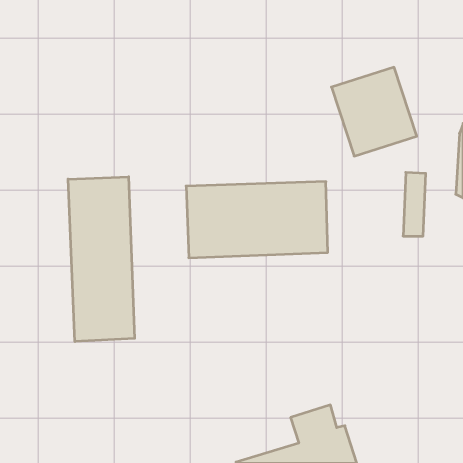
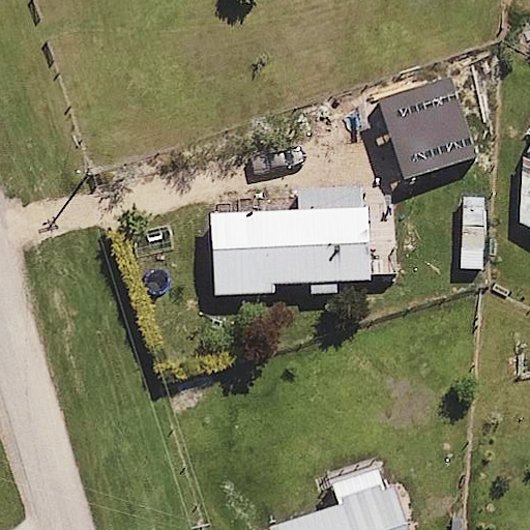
building: [68,177,135,342] -> none

